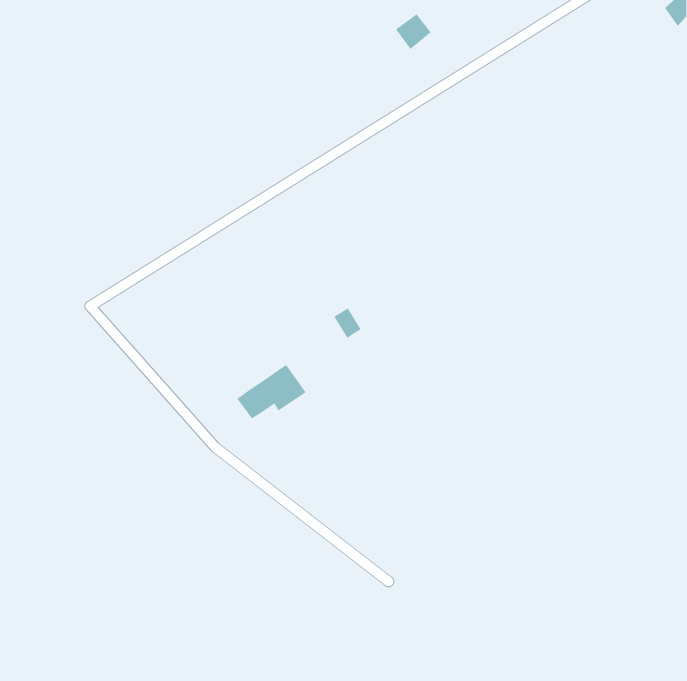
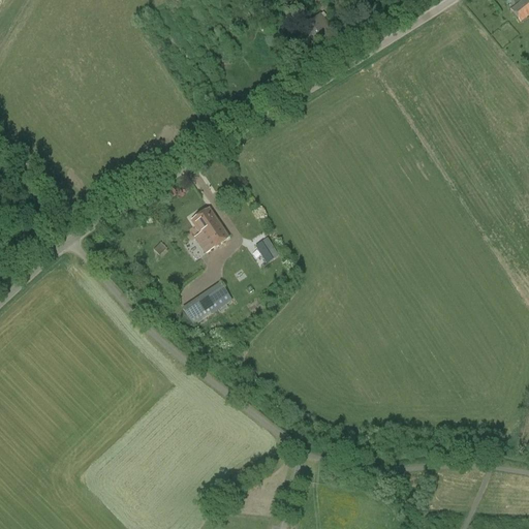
building: none -> [191,206,228,247]

